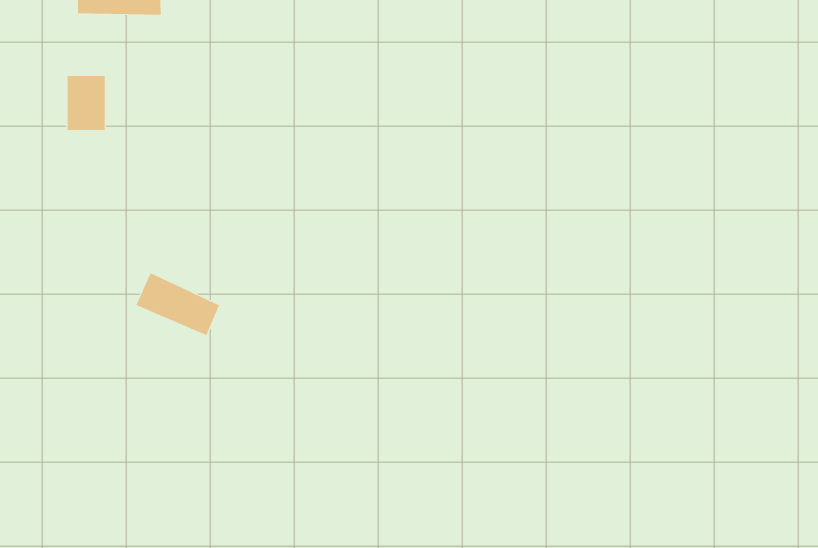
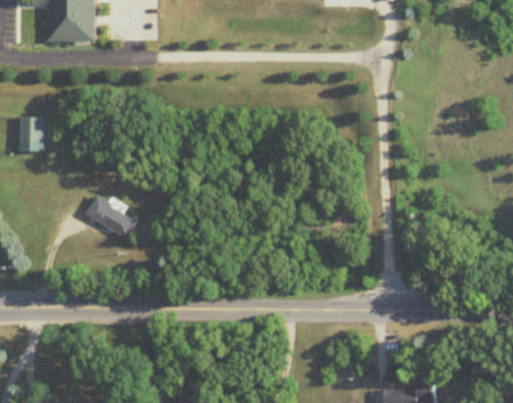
building: [67,75,106,130] -> [17,119,41,153]

